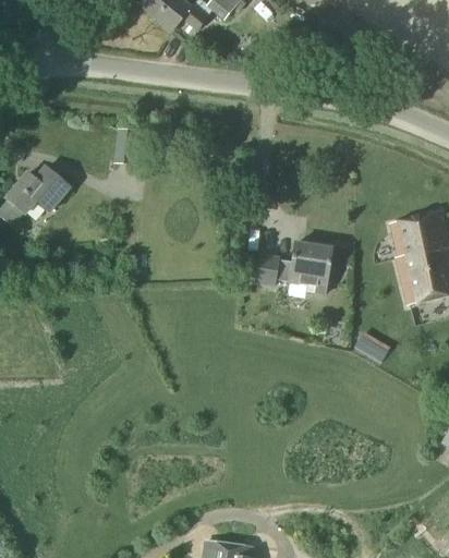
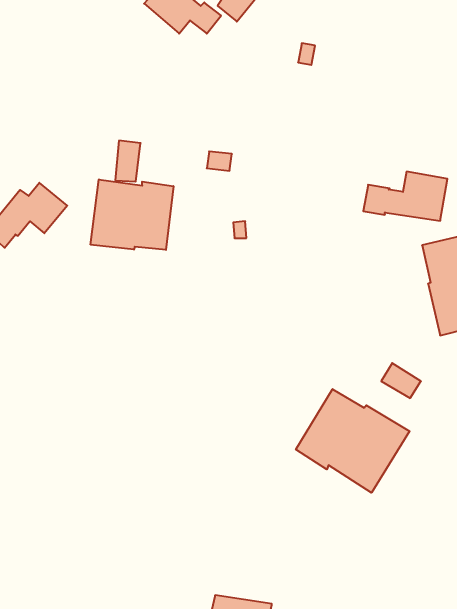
building: none -> [91,179,173,250]
building: [255,243,331,288] -> [363,172,447,221]
building: none -> [296,389,410,493]

